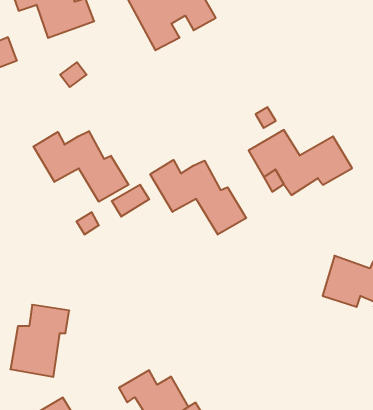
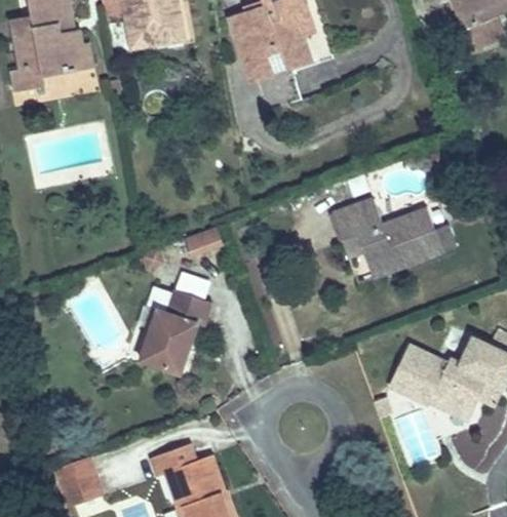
building: [33,131,129,202] -> none
building: [150,160,246,235] -> none
building: [10,305,69,377] -> [136,287,211,369]

